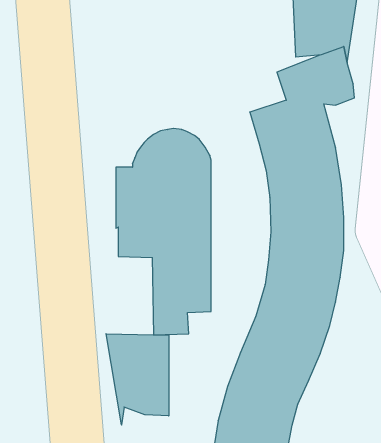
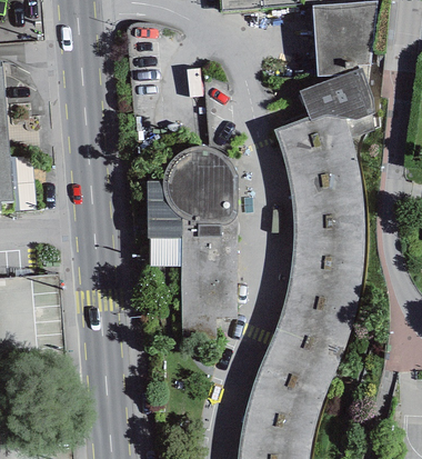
building: [106,334,169,425] -> none

